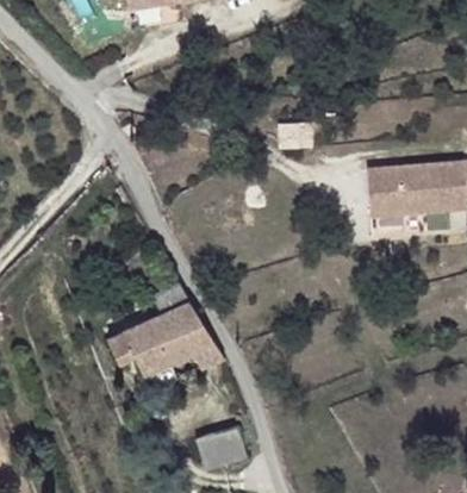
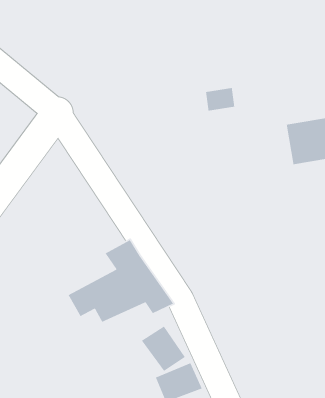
building: none -> [141,325,186,372]

